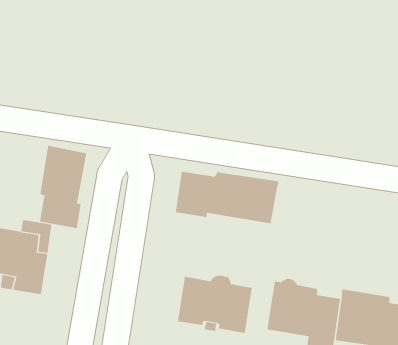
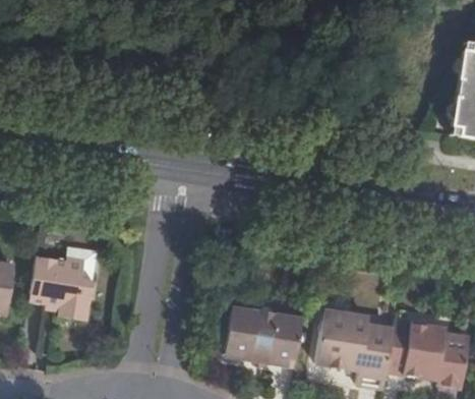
building: [39,145,87,229] -> none
building: [175,171,279,224] -> none

